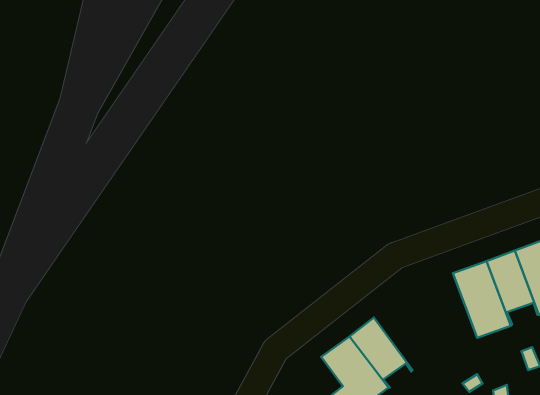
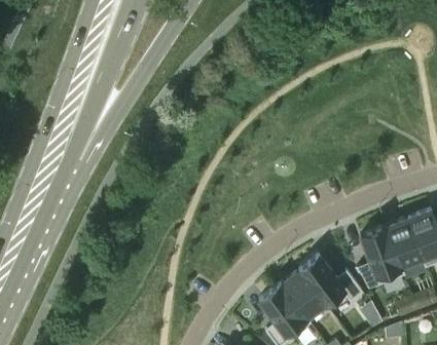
building: none -> [299,257,362,311]

